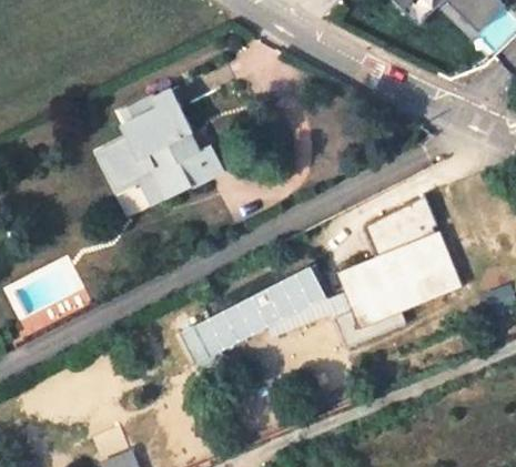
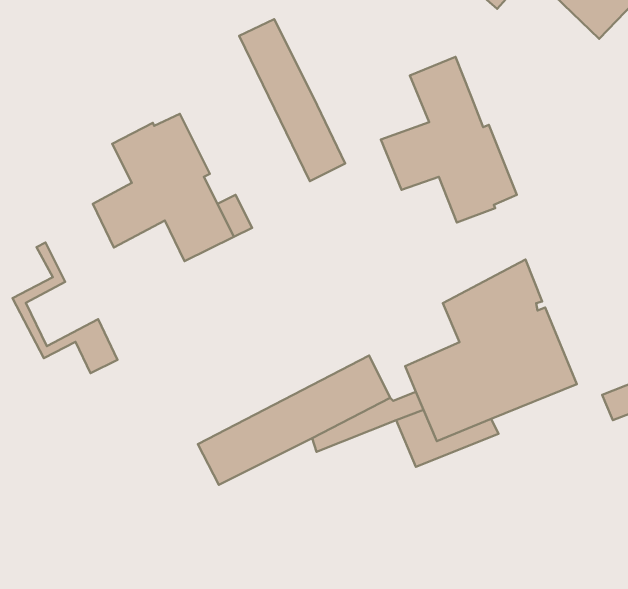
building: none -> [239,19,345,181]
building: none -> [381,57,517,222]
building: [95,110,173,206] -> [12,243,118,373]

